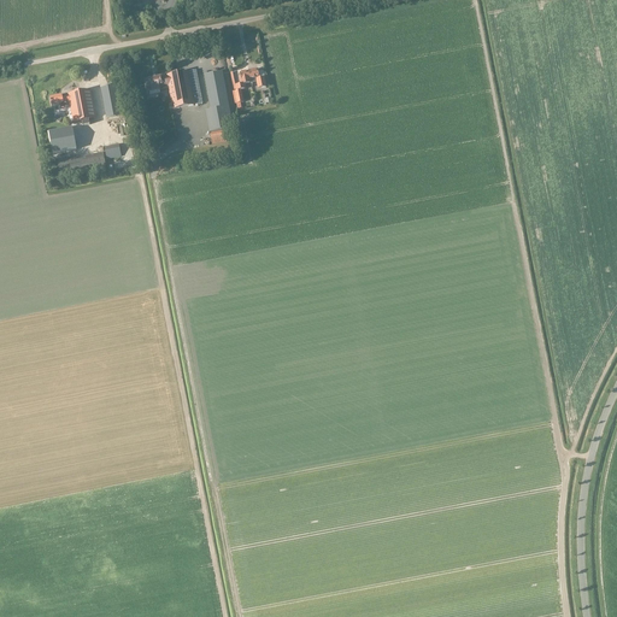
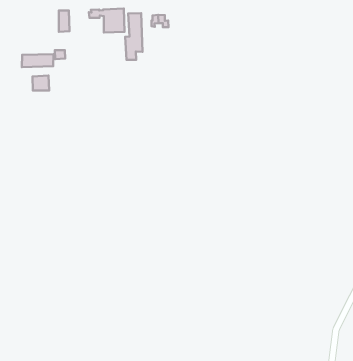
building: [48,87,94,119] -> none
building: [48,125,76,151] -> [33,76,49,91]

